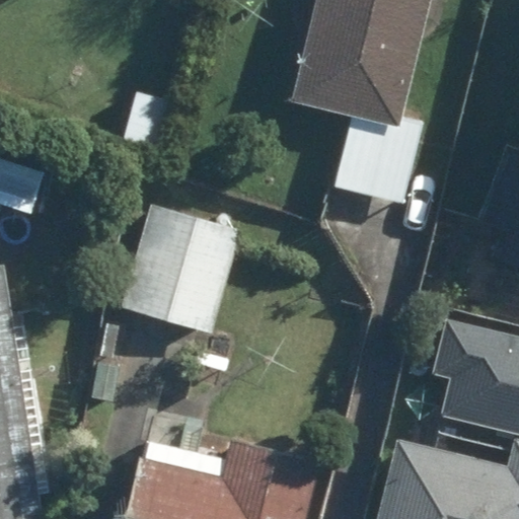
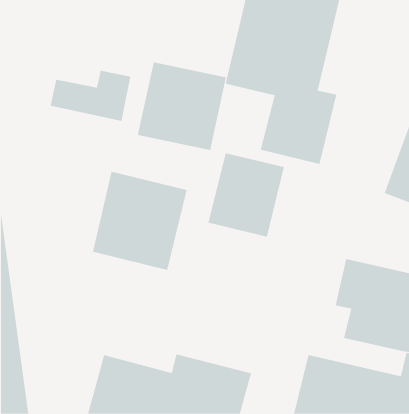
building: none -> [137,62,226,151]
building: none -> [208,153,284,238]

